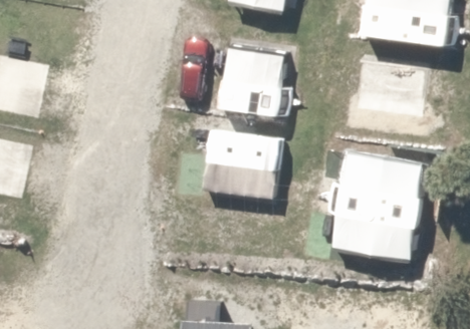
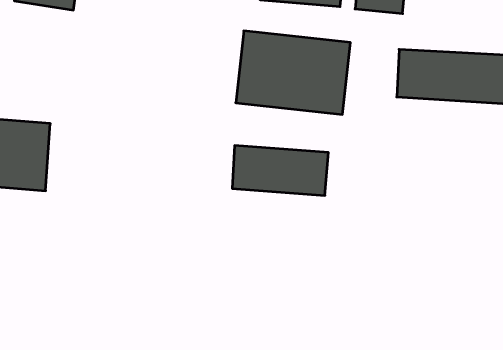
building: [324,182,416,262] -> none

